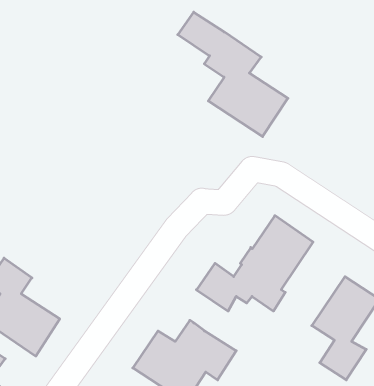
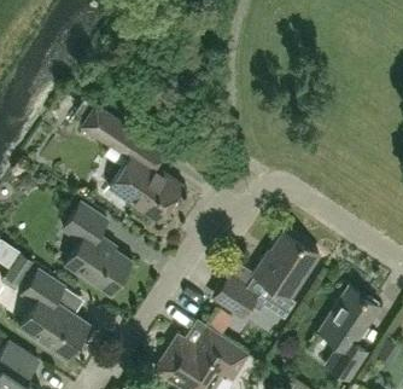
building: [178,12,288,137] -> [82,108,182,221]
building: none -> [64,203,132,295]

